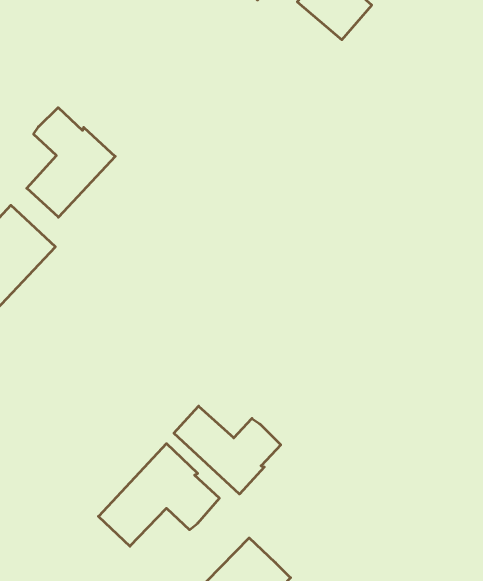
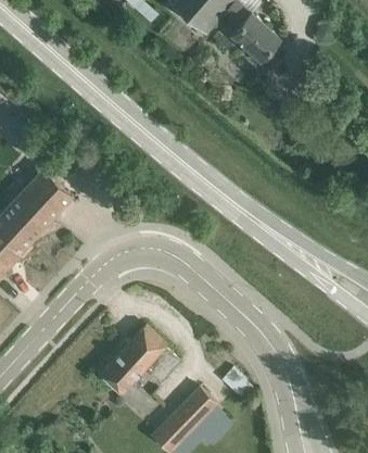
building: [27,108,115,217] -> none
building: [174,406,281,494] -> none

